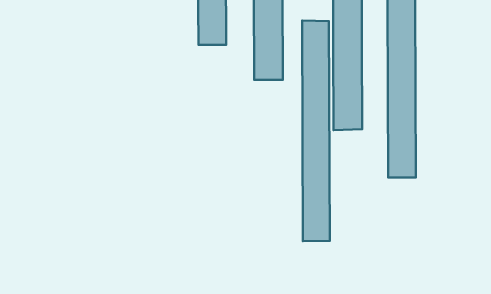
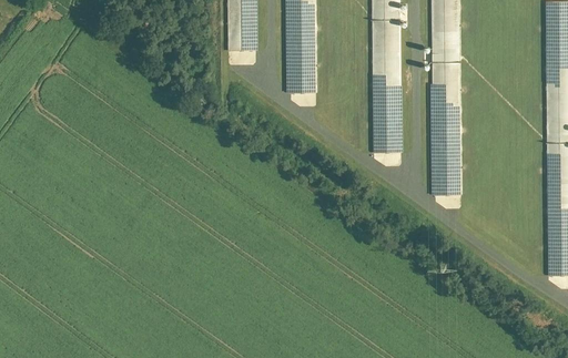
building: [302,20,330,241] -> none

